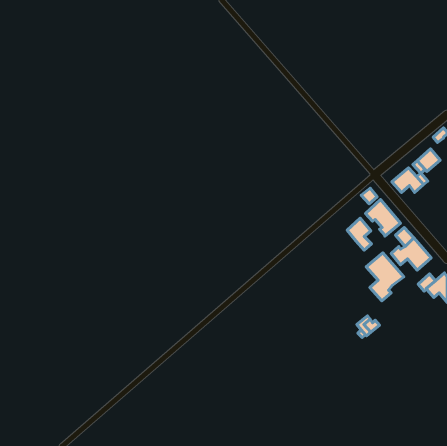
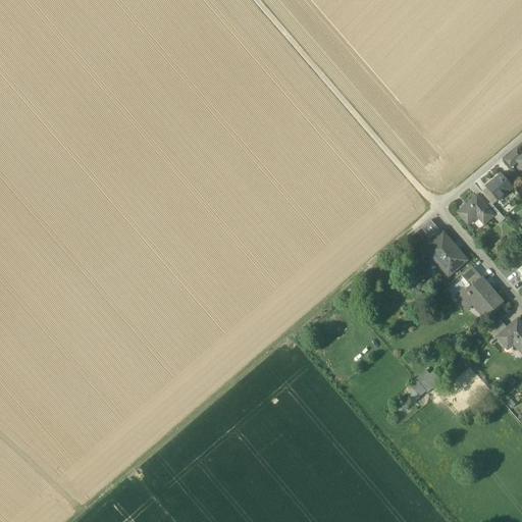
building: [347,218,371,250] -> none
building: [366,253,404,301] -> none

